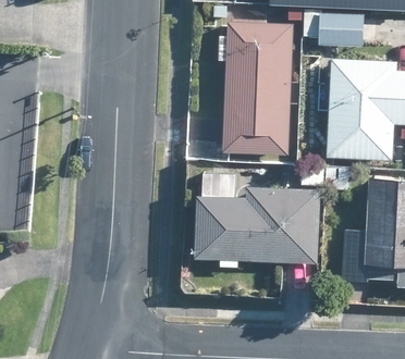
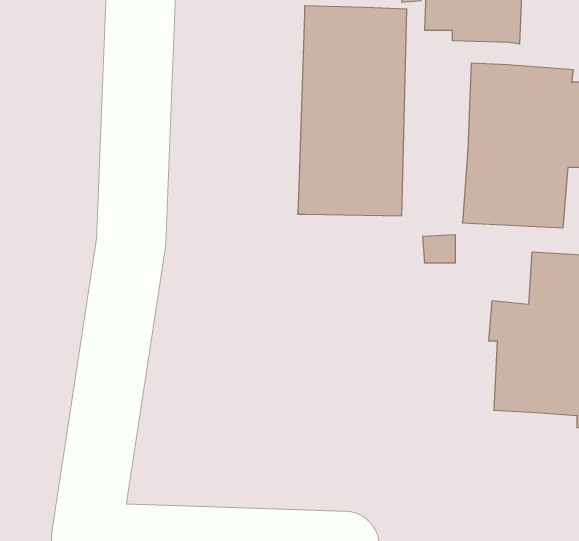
building: [195,171,318,261] -> none

